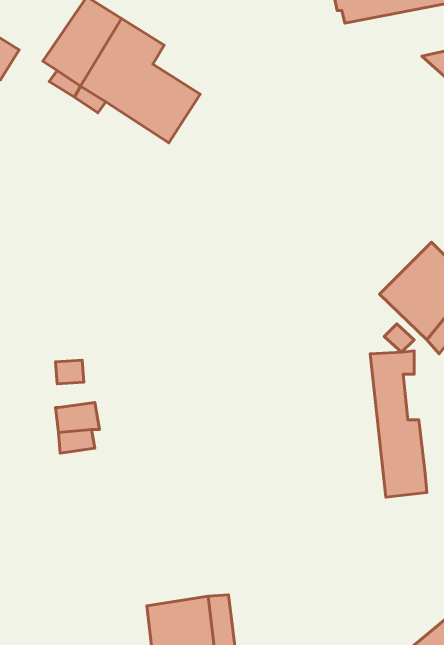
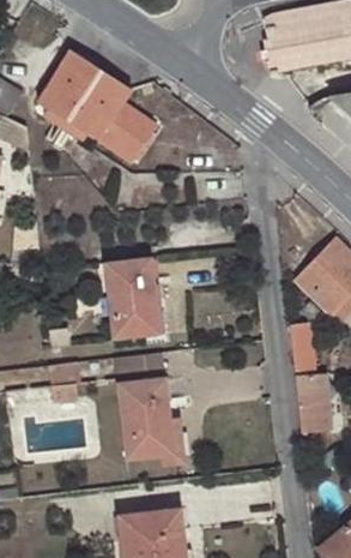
building: none -> [105,257,162,338]
building: none -> [119,377,175,458]

